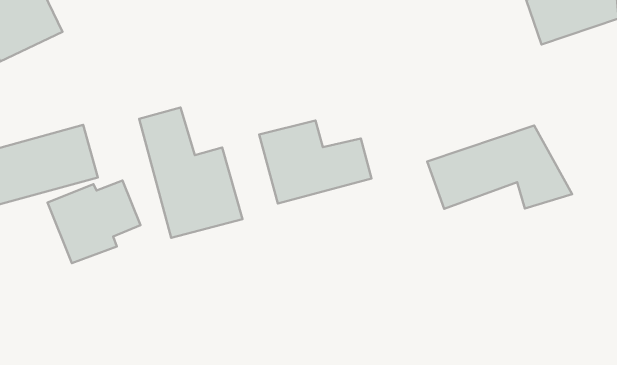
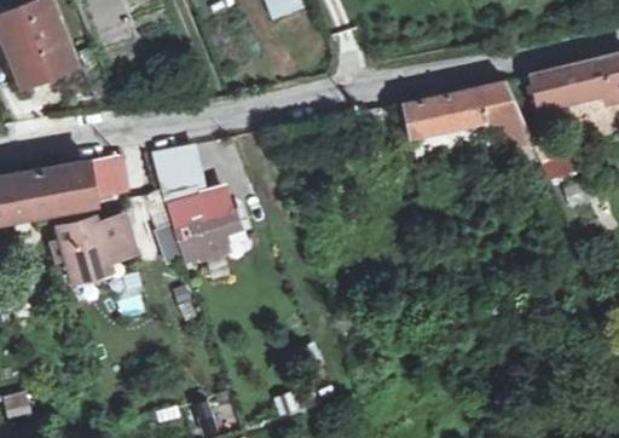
building: [259,120,371,204] -> none
building: [427,125,572,209] -> [399,79,533,156]

